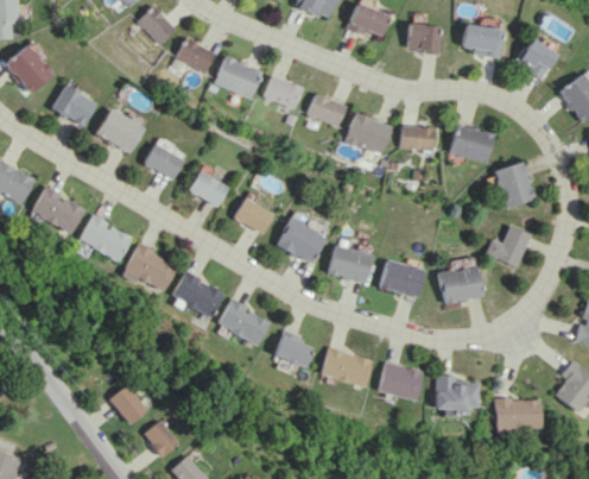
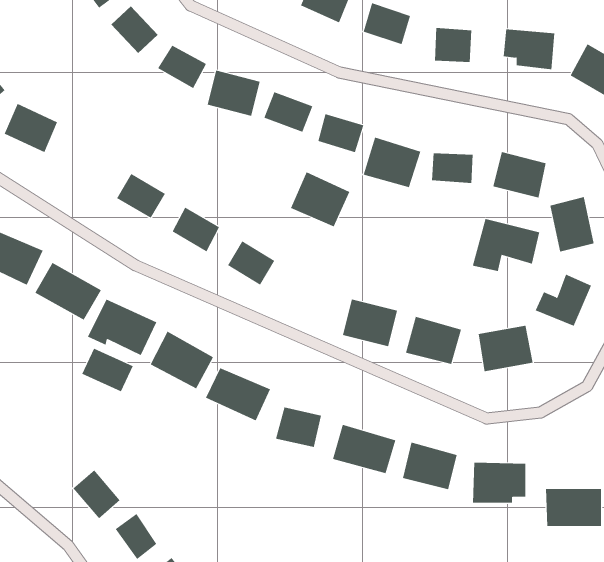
building: [95,108,145,155] -> none
building: none -> [472,218,540,272]
building: [277,218,325,263] -> [290,172,350,227]
building: none -> [81,348,133,392]

